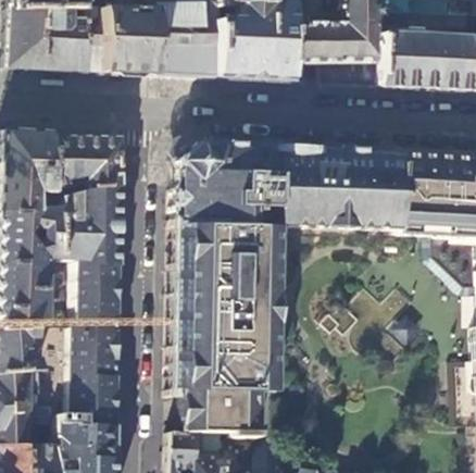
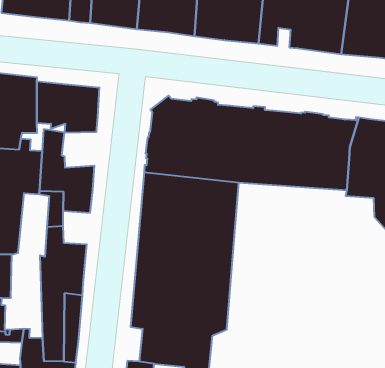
building: [89,188,125,229] -> none
building: [95,276,124,311] -> none
building: [42,325,82,416] -> none

